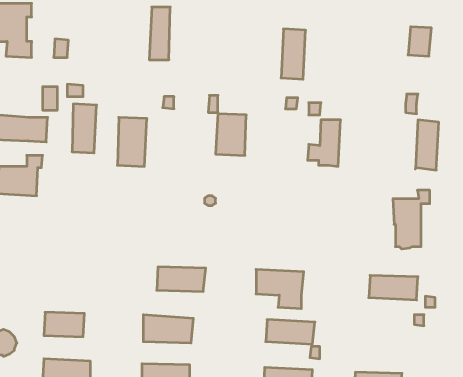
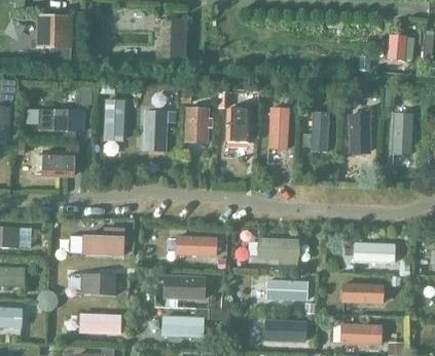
building: [281,29,306,79] -> [268,108,289,150]
building: none -> [184,108,211,143]
building: [393,190,430,249] -> [347,107,377,156]
building: none -> [82,227,123,255]
building: none -> [341,283,383,304]

